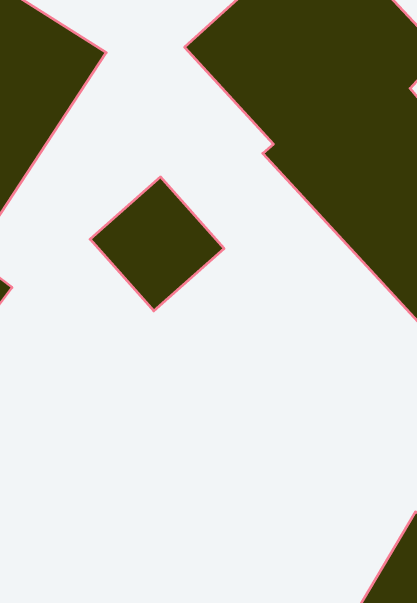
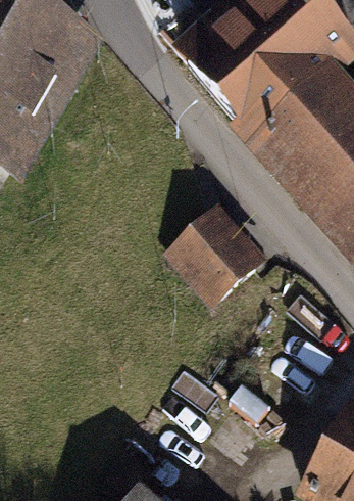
building: [90,177,224,311] -> [163,199,266,303]

